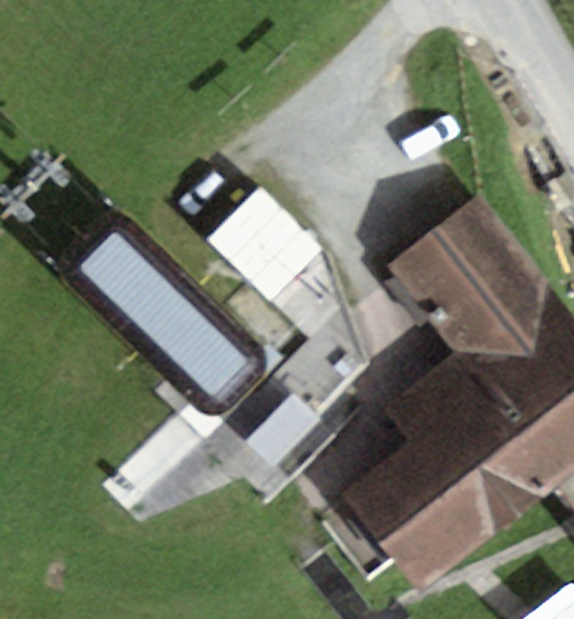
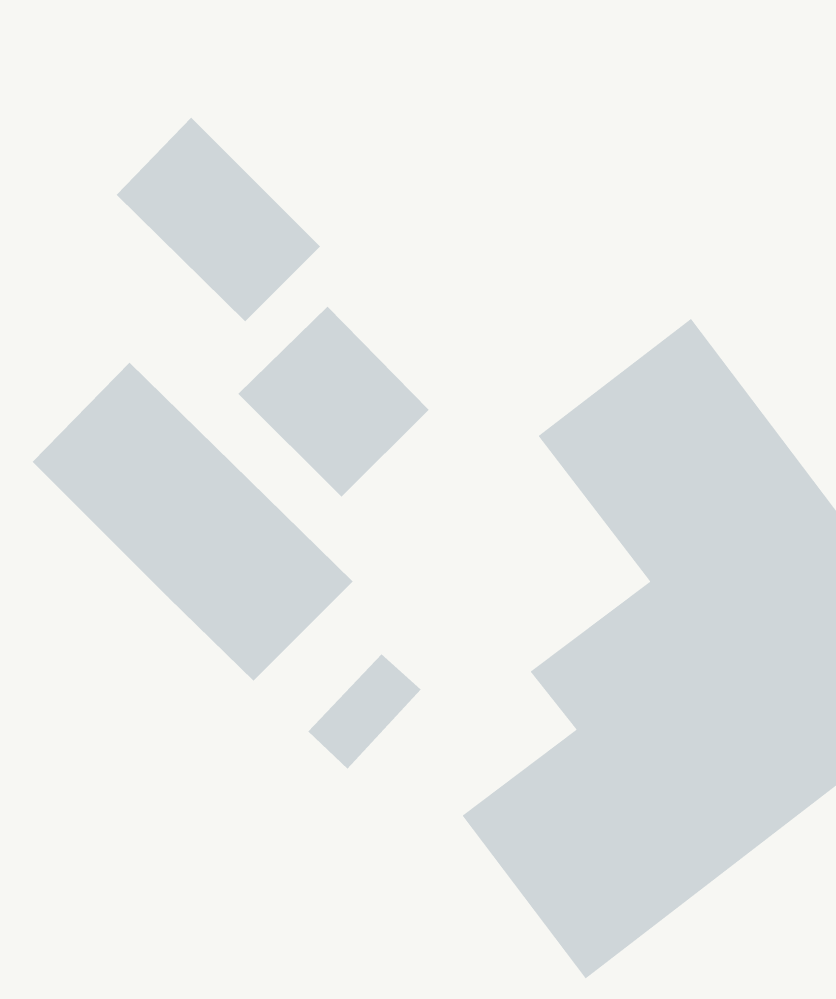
building: none -> [116,117,321,322]

